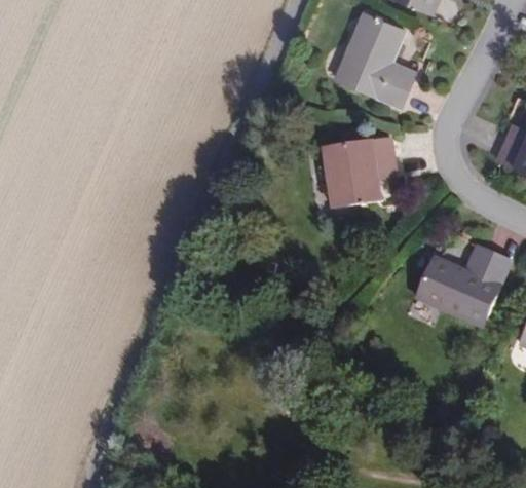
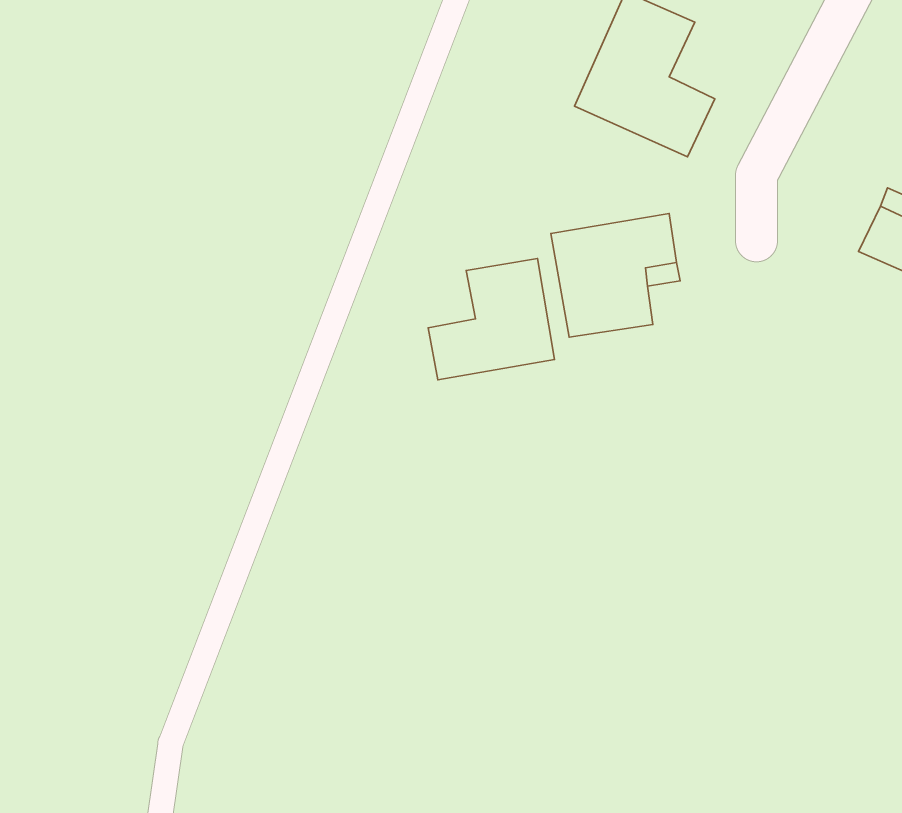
building: none -> [428,258,554,380]
building: [416,246,510,326] -> none

